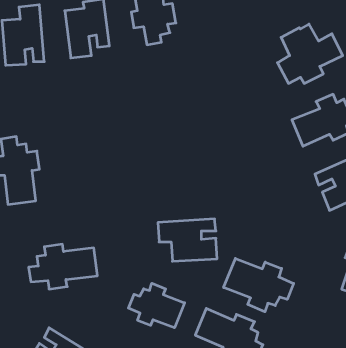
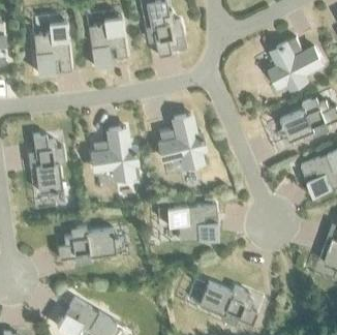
building: none -> [157,113,206,165]
building: none -> [89,127,139,178]
building: [224,258,294,312] -> none
building: [128,283,185,328] -> none

